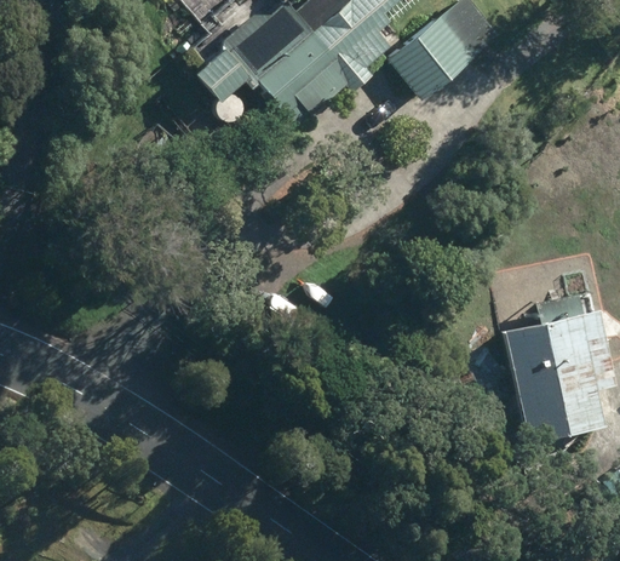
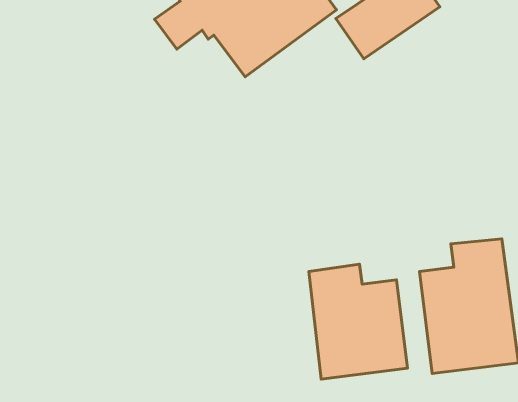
building: none -> [309,264,408,379]

